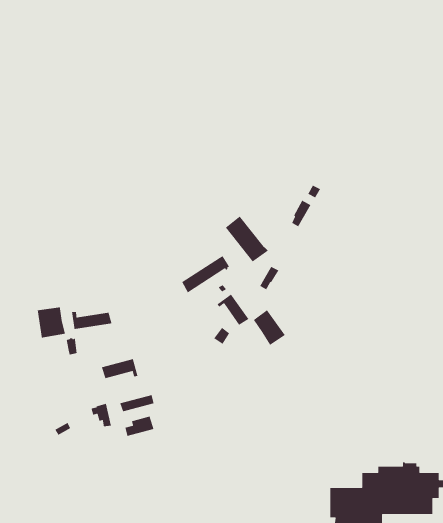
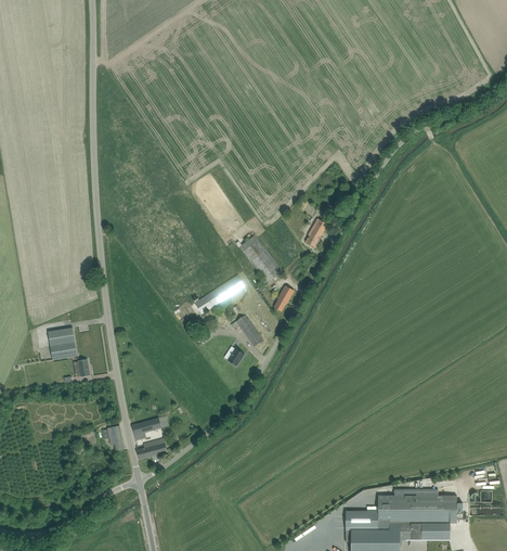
building: [253,309,286,346] -> none
building: [71,311,112,330] -> none
building: [101,358,138,379] -> none

